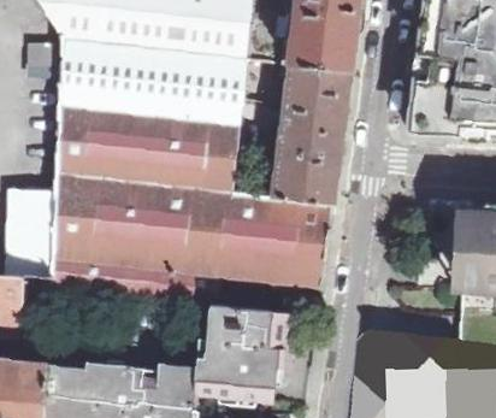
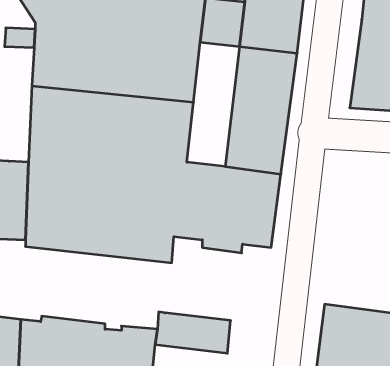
building: [207,302,290,366] -> none

